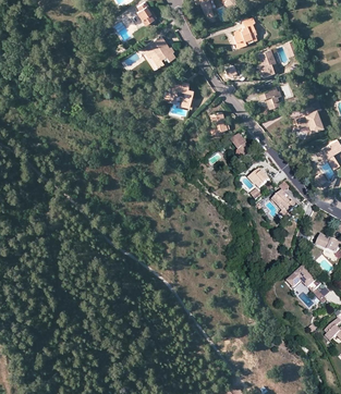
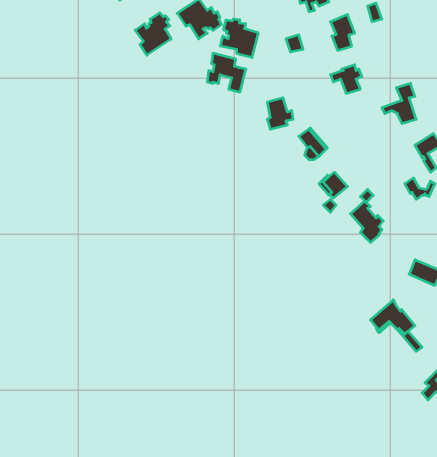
building: none -> [135,13,171,55]
building: none -> [220,19,258,58]

